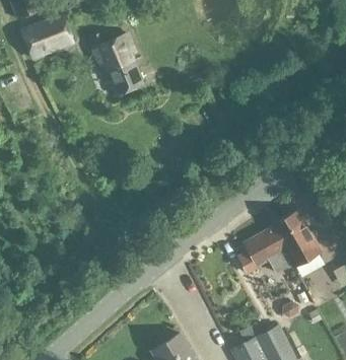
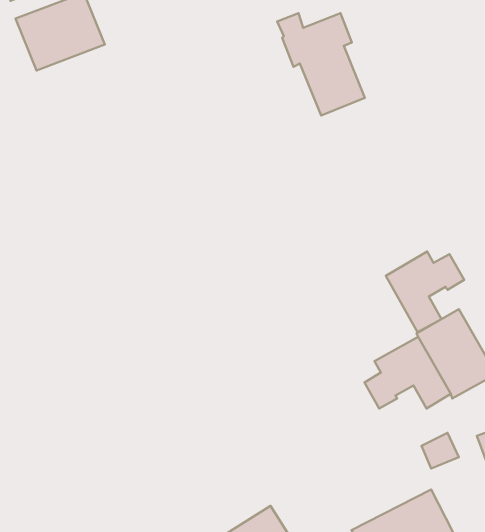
building: [89,32,144,96] -> [277,13,365,116]
building: none -> [386,252,464,332]

